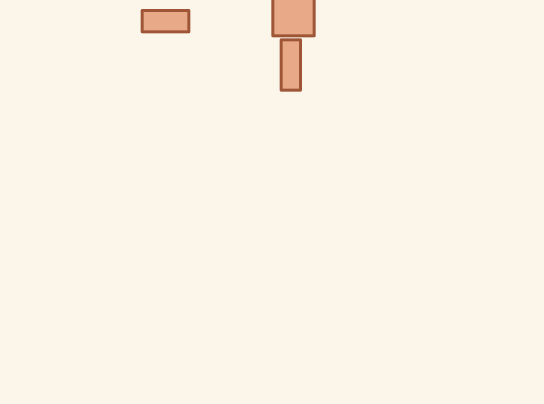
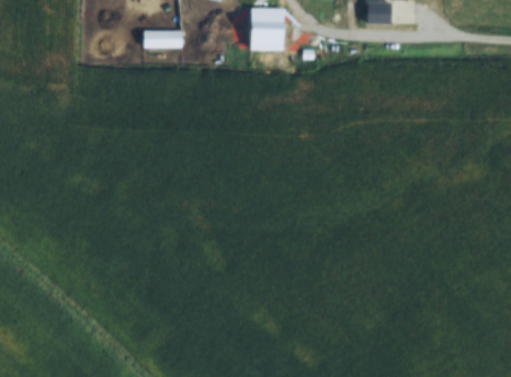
building: [281,40,300,90] -> none

